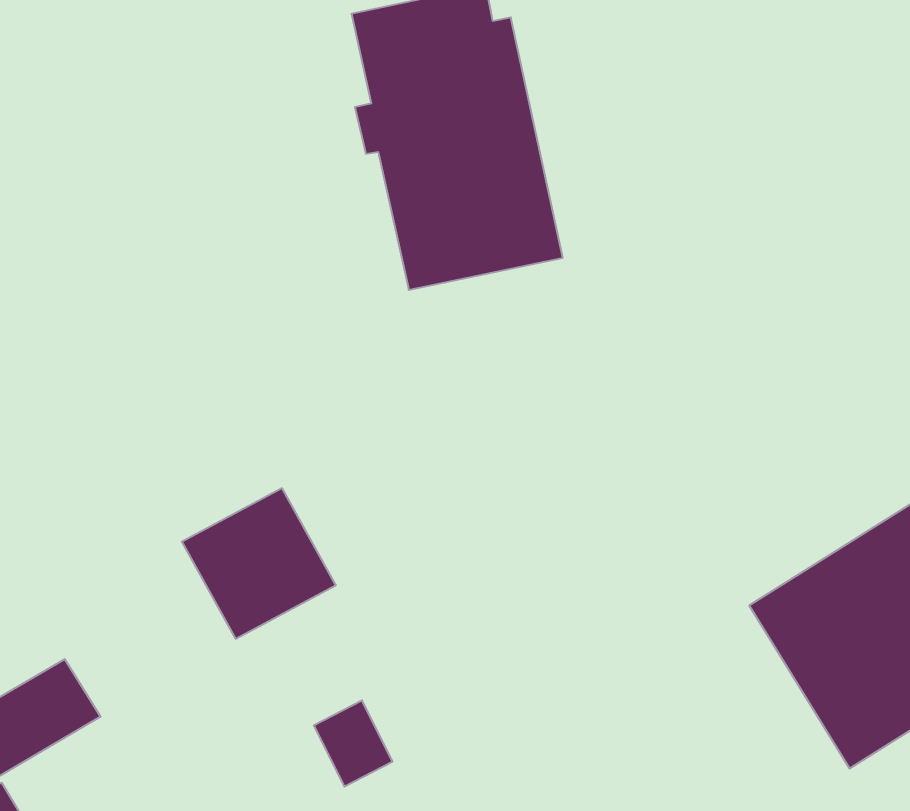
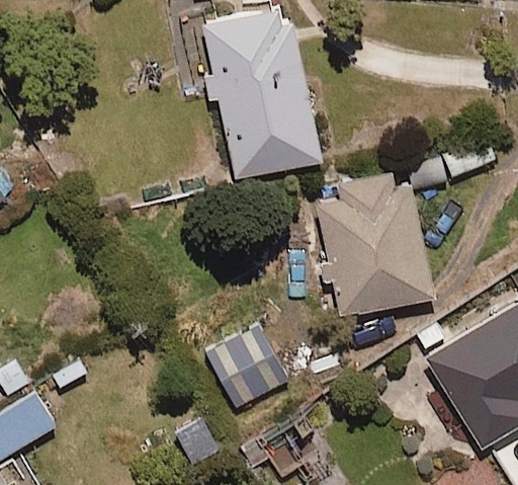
building: none -> [322,173,431,314]
building: [182,488,336,639] -> [205,320,292,405]

